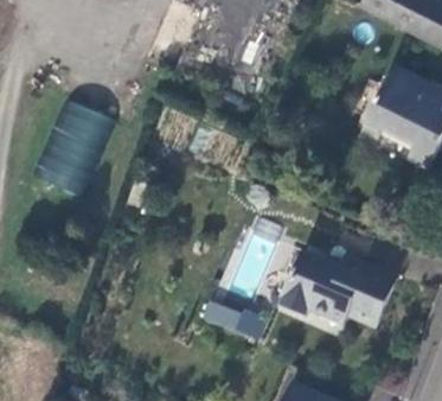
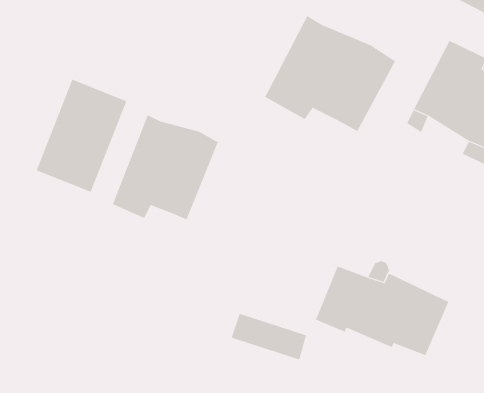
building: none -> [265,15,396,132]
building: none -> [112,114,218,220]

